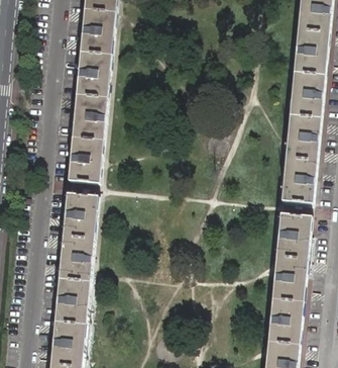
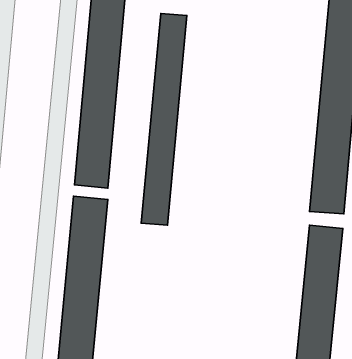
building: none -> [141,13,187,225]

